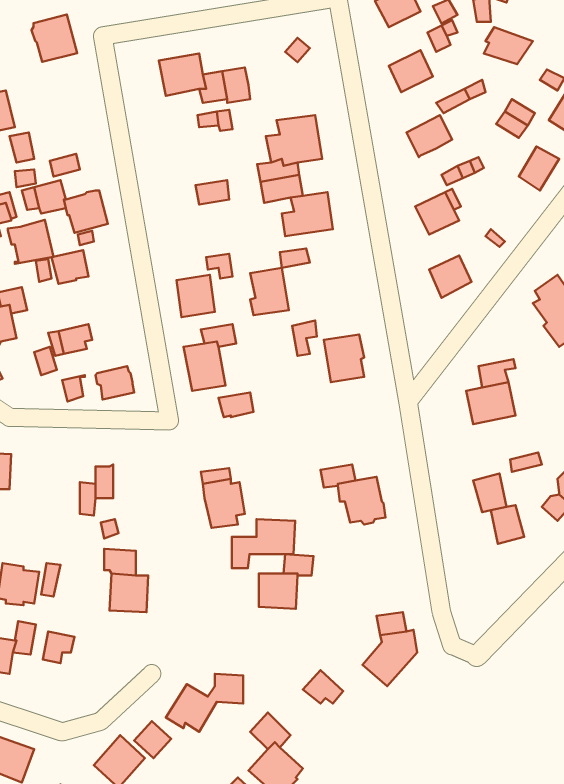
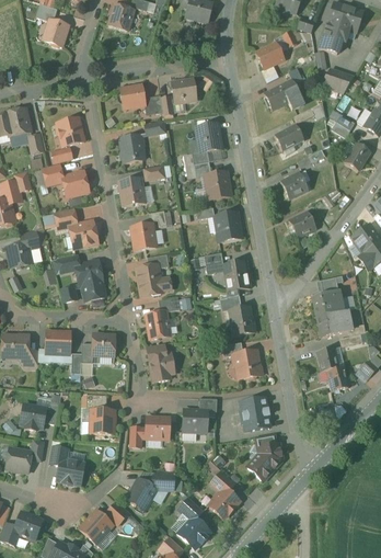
building: [32,14,77,62] -> [56,116,84,146]
building: none -> [172,76,199,104]
building: none -> [119,135,145,161]
building: none -> [119,176,145,205]
building: [8,220,54,264] -> [69,219,97,247]
building: [250,268,289,315] -> [217,210,241,240]
building: none -> [74,259,103,284]
building: none -> [220,295,255,334]
building: none -> [316,309,350,335]
building: none -> [146,310,169,338]
building: none -> [45,330,70,353]
building: none -> [92,332,115,355]
building: [232,519,295,568] -> [130,415,170,446]
building: none -> [240,397,269,430]
building: none -> [56,458,84,483]
building: none -> [208,487,240,517]

